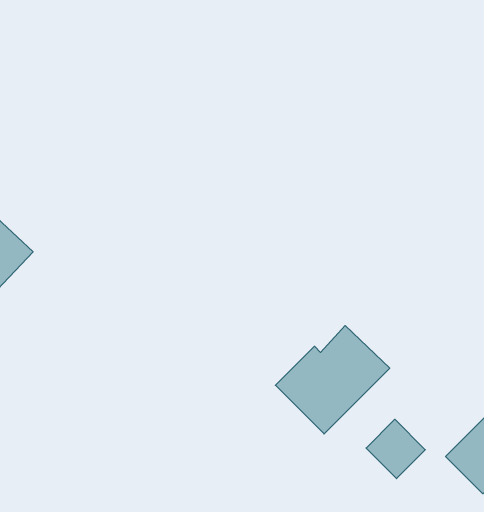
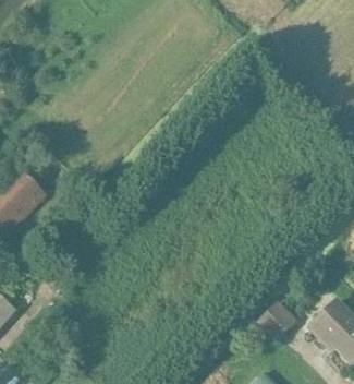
building: [275,326,390,434] -> none

